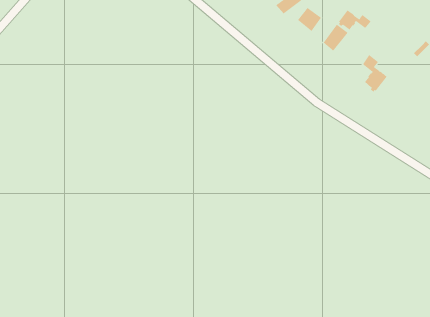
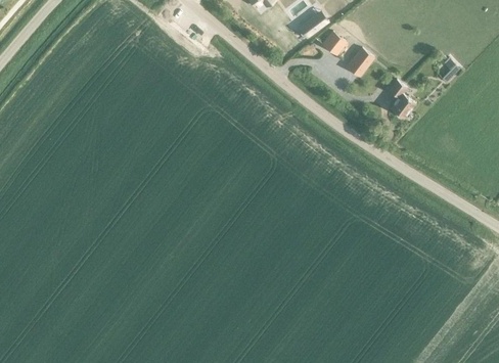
building: [338,9,372,30] -> none

